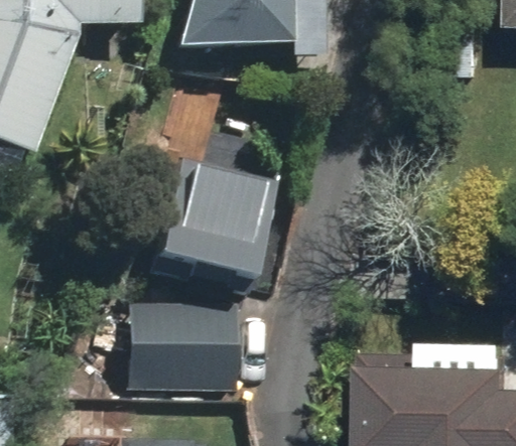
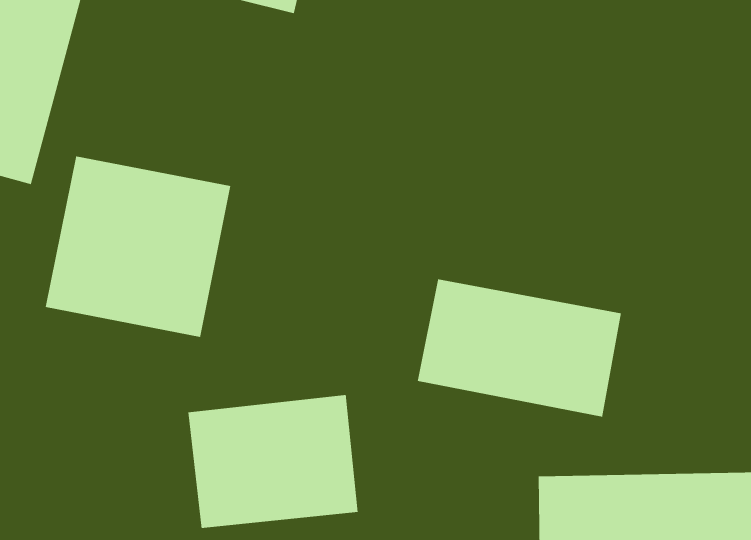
building: [152,158,279,282] -> [45,156,231,337]
building: none -> [417,279,621,417]

